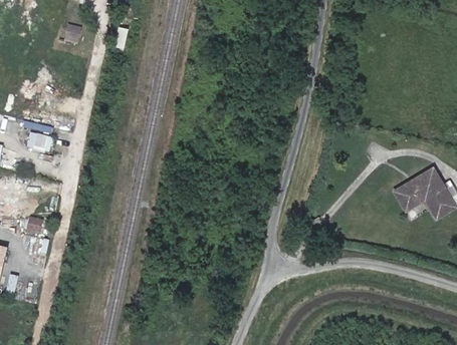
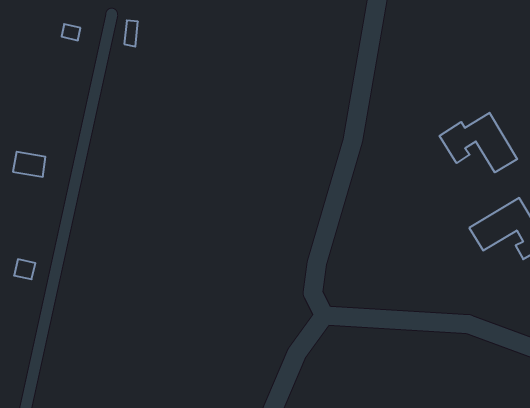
building: none -> [440,113,517,172]

